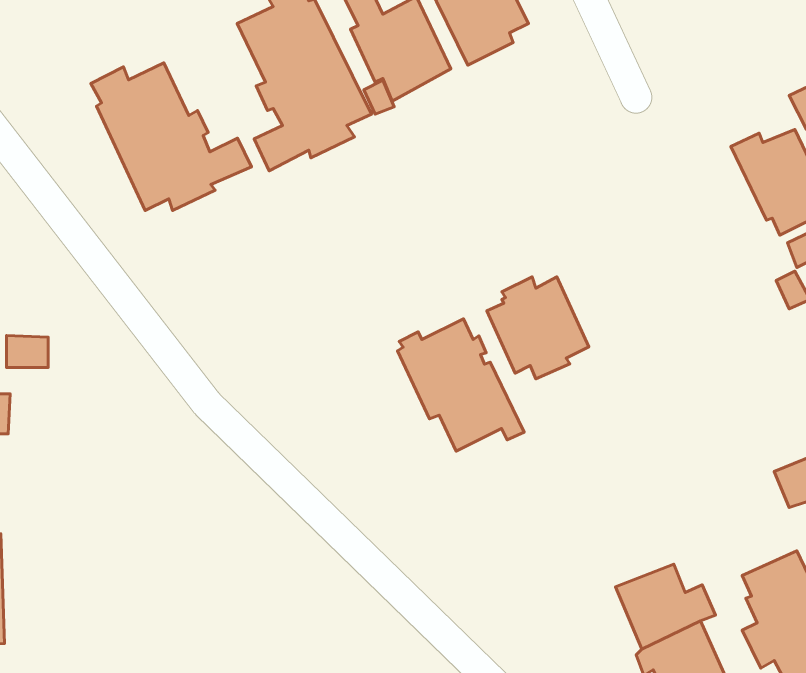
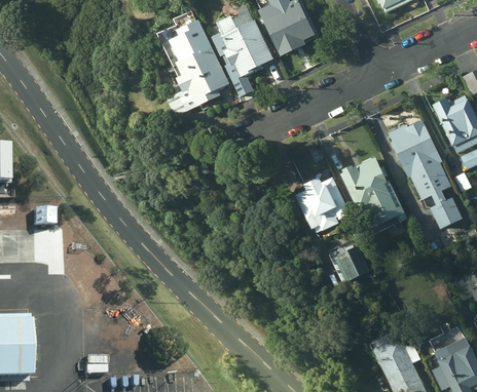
building: [91,63,251,211] -> none
building: none -> [384,118,458,227]
building: [397,319,524,451] -> [336,155,405,227]
building: none -> [335,239,371,281]

